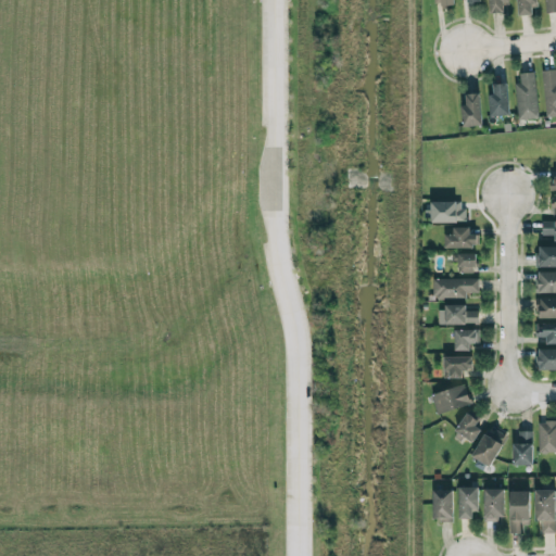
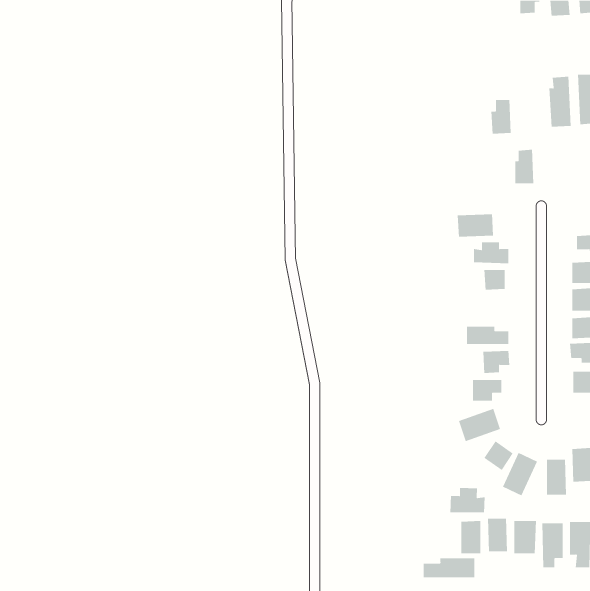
building: [490,83,508,115] -> [514,149,534,184]
building: [433,278,479,299] -> none
building: none -> [450,487,485,513]
building: none -> [423,558,475,578]

